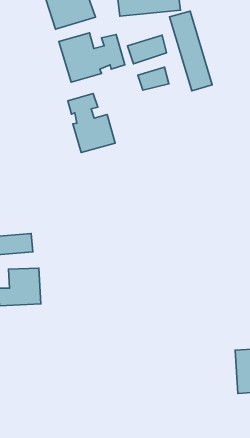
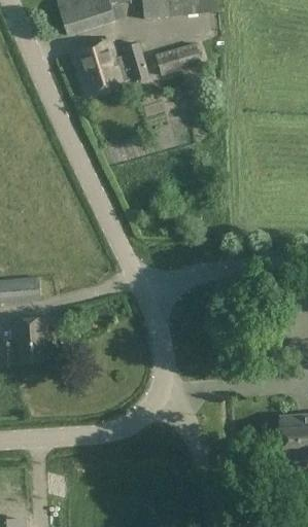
building: [170,11,212,91] -> none
building: [138,67,169,90] -> none
building: [68,94,115,152] -> none

